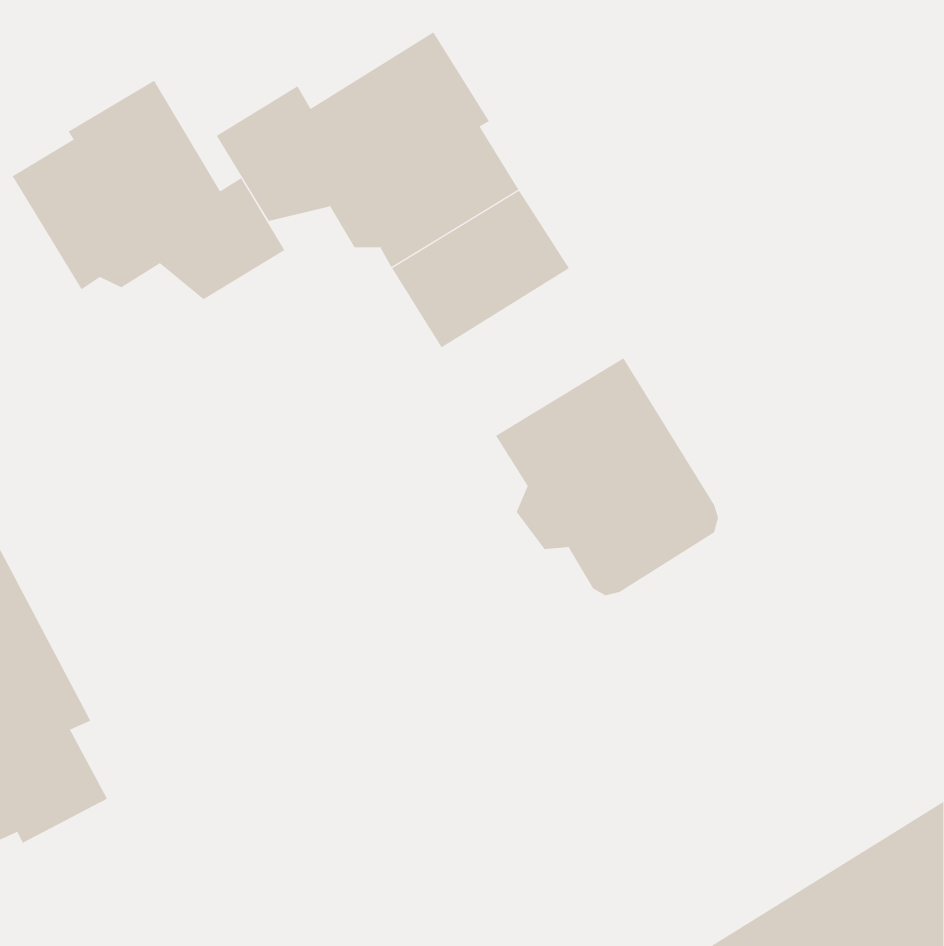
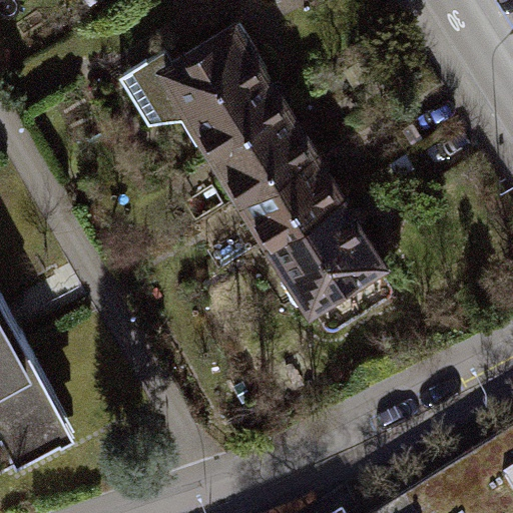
building: [12,80,285,300] -> none
building: none -> [237,147,336,237]

